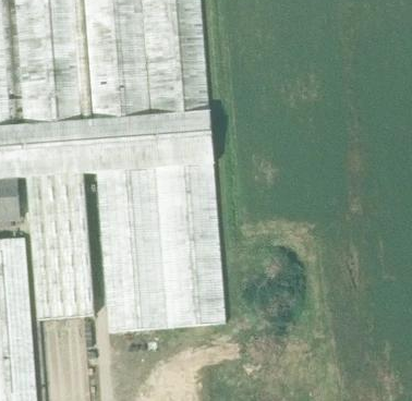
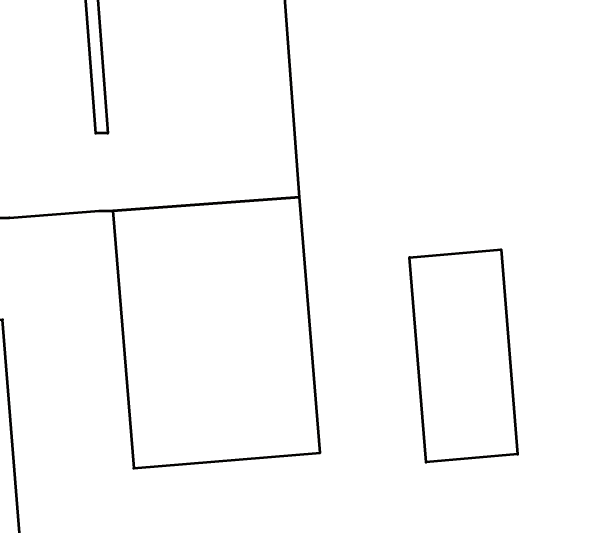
building: [28,171,95,308] -> none
building: none -> [410,250,518,462]

